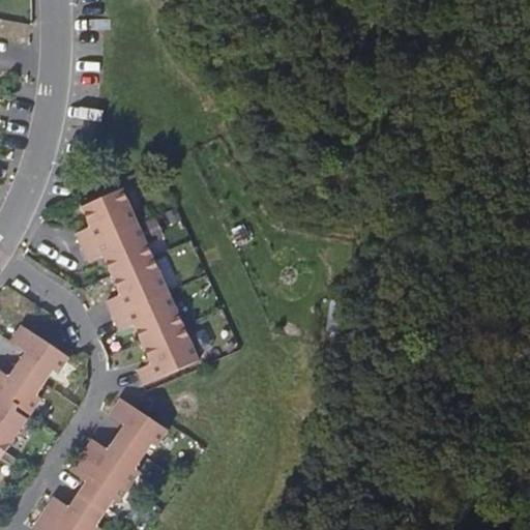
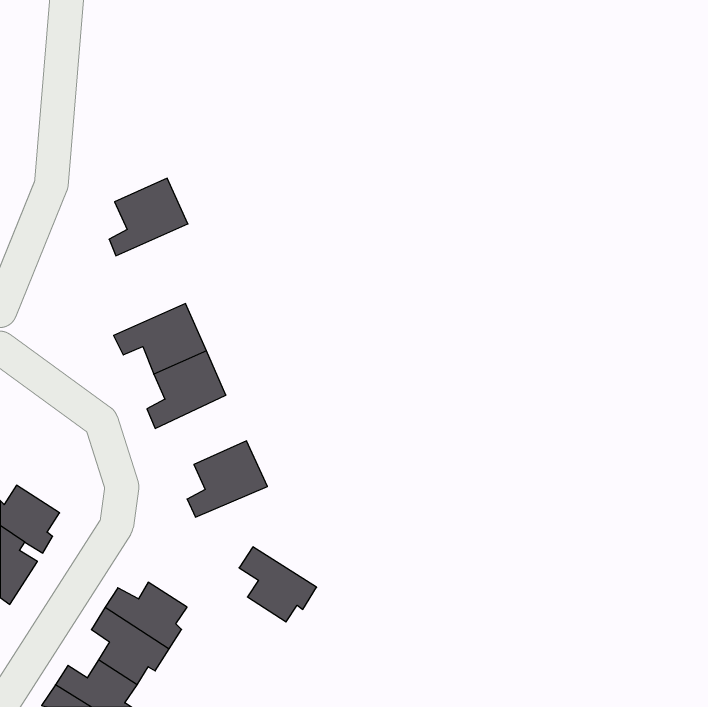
building: [80,193,139,251] -> [109,178,188,256]
building: [116,295,184,347] -> none
building: [12,325,69,383] -> none
building: [105,398,163,453] -> [239,547,317,622]

